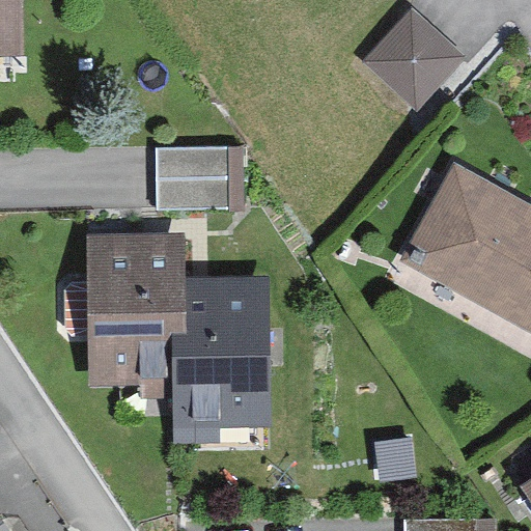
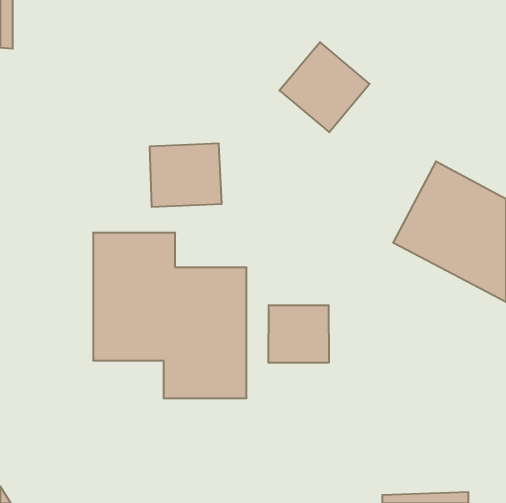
building: [366,10,460,105] -> [279,42,370,132]
building: none -> [268,305,329,363]

